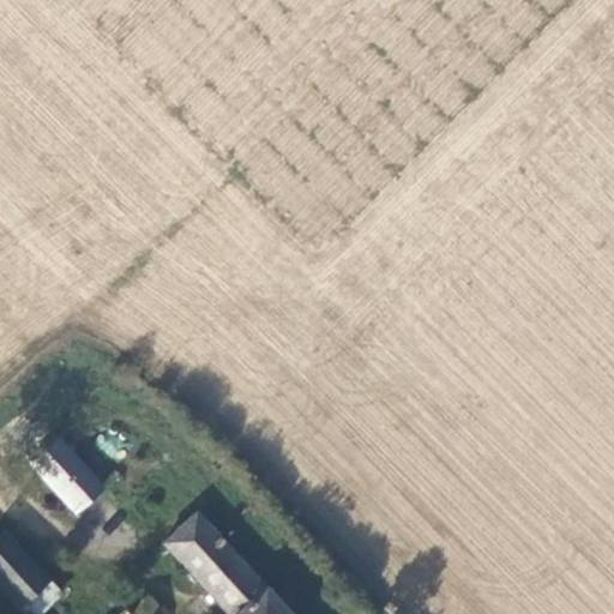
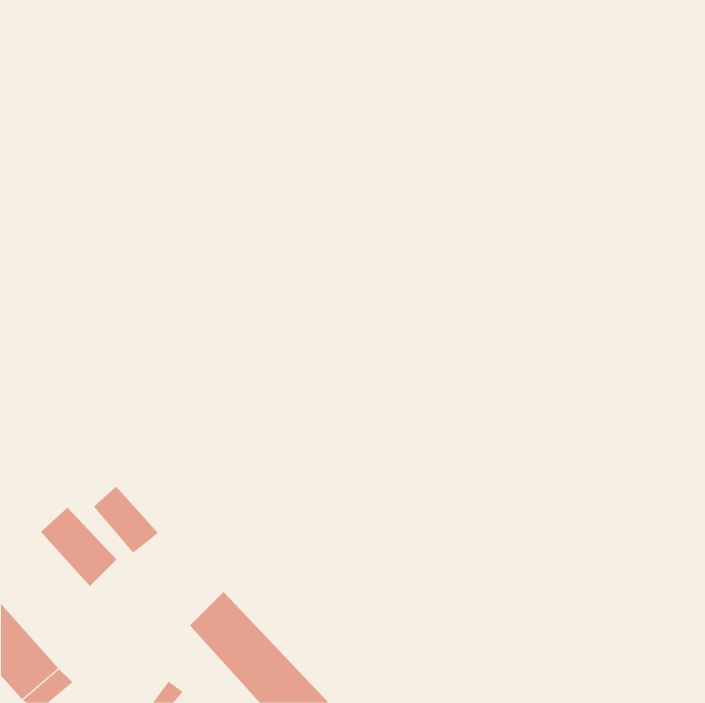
building: none -> [93,486,159,554]

